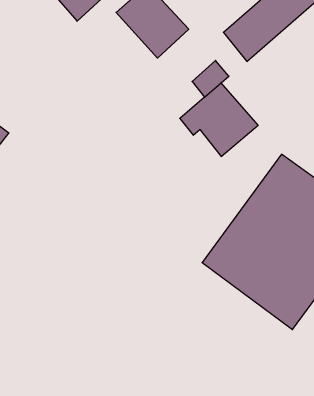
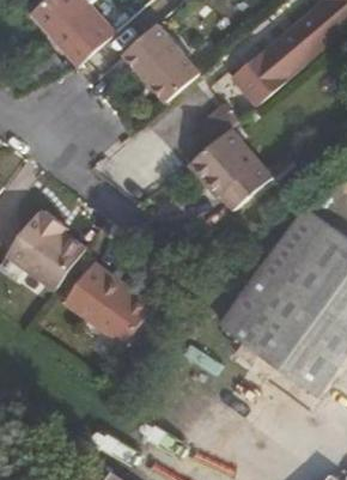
building: none -> [10,205,91,292]
building: none -> [71,267,157,351]

